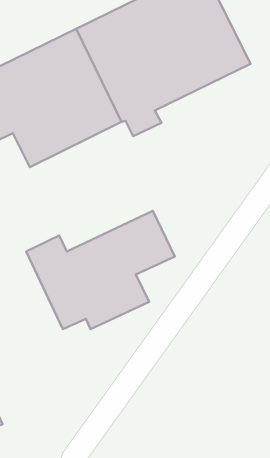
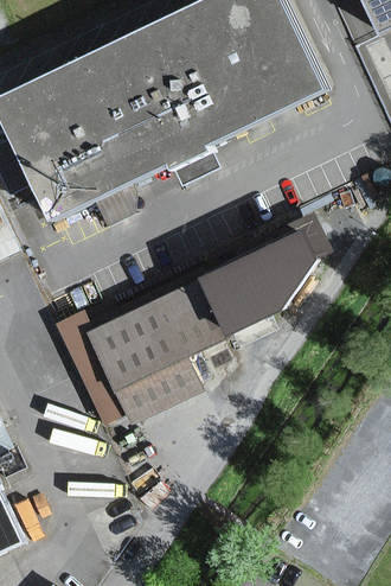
building: none -> [209,224,322,329]

